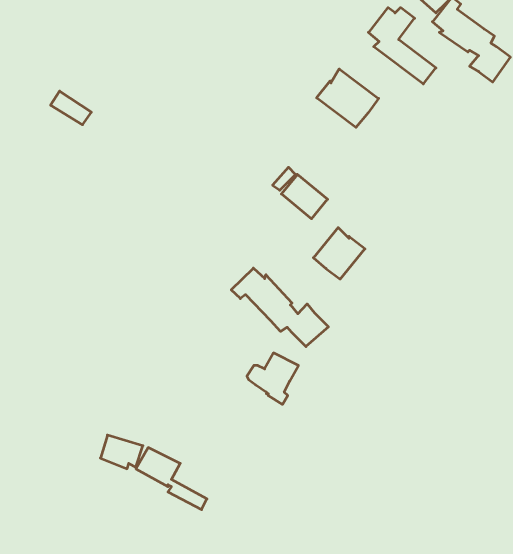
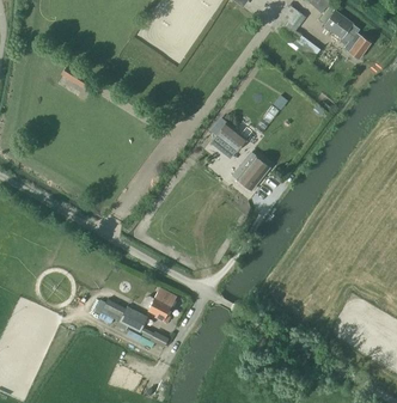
building: [317,69,379,127] -> none
building: [231,268,328,347] -> none
building: [247,353,298,404] -> [141,287,176,322]

